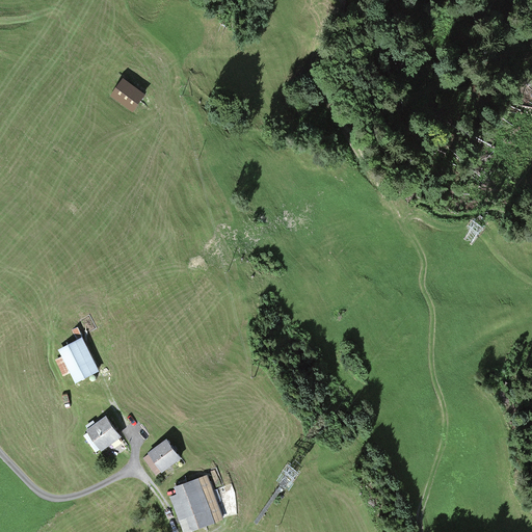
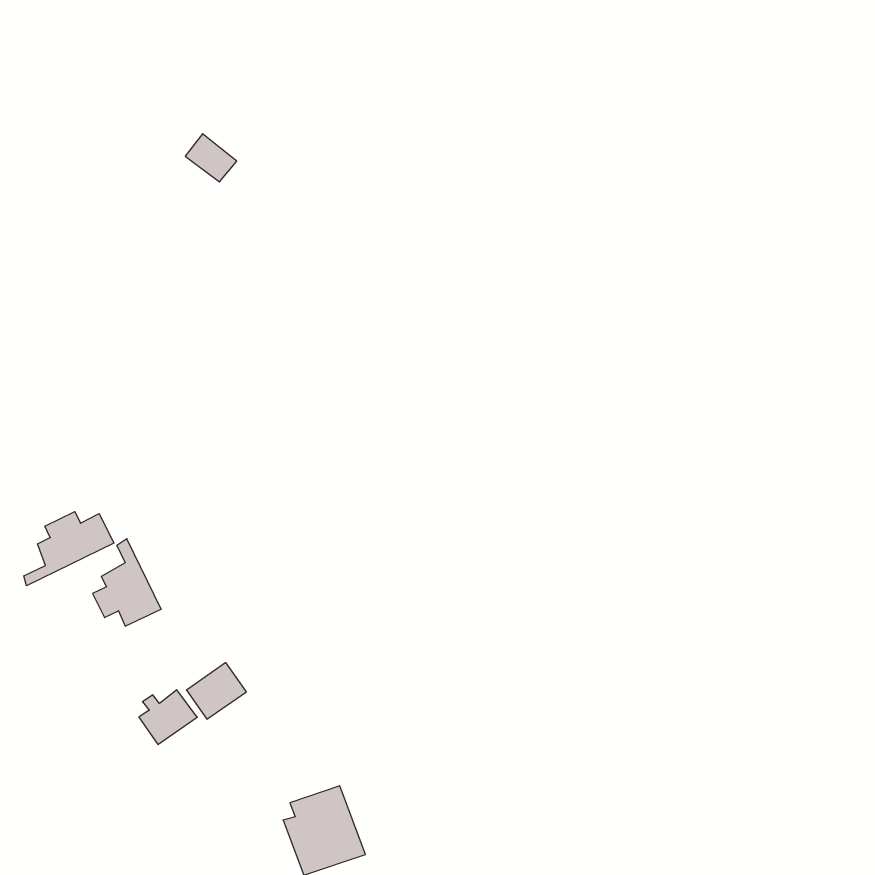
building: none -> [24,512,114,586]
building: [143,440,180,474] -> [186,663,246,719]

